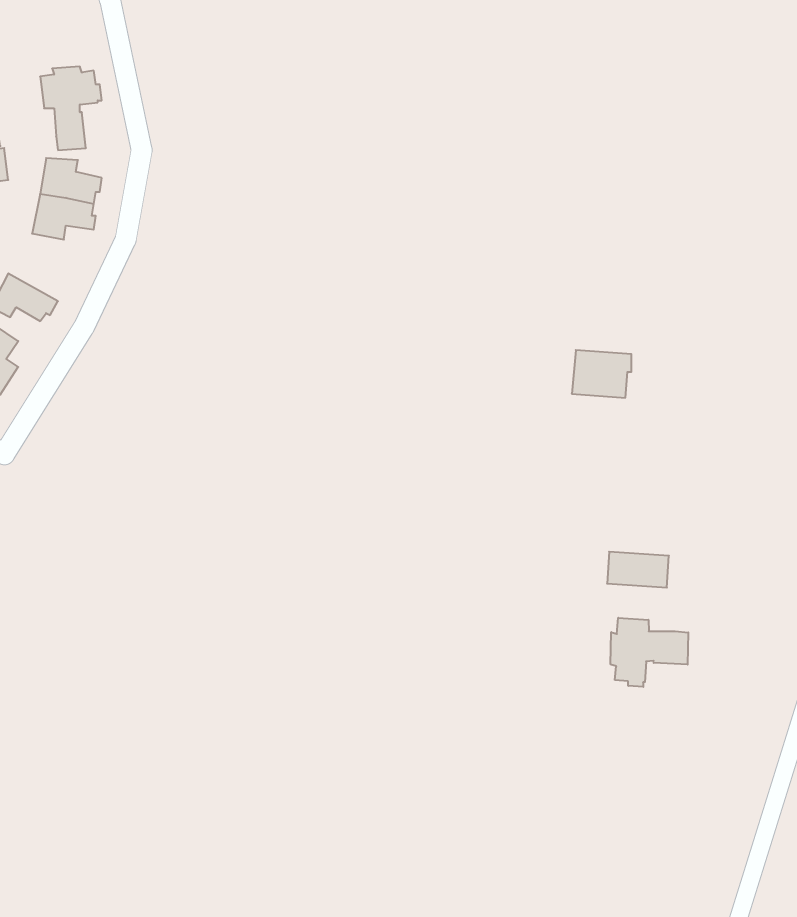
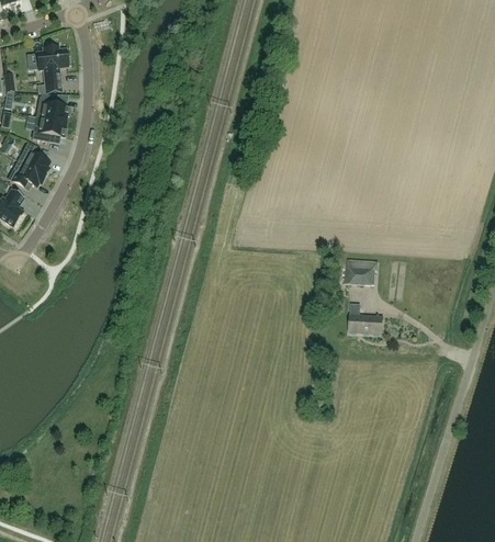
building: none -> [18,142,49,176]
building: [572,350,631,398] -> [344,258,376,284]
building: [611,618,688,687] -> none

